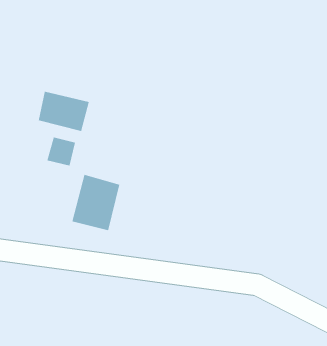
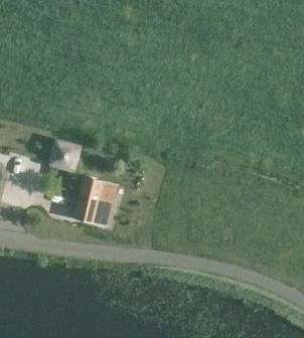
building: [38,91,89,132] -> none

